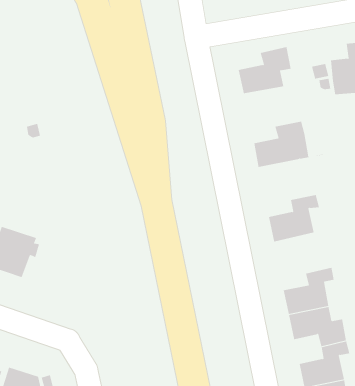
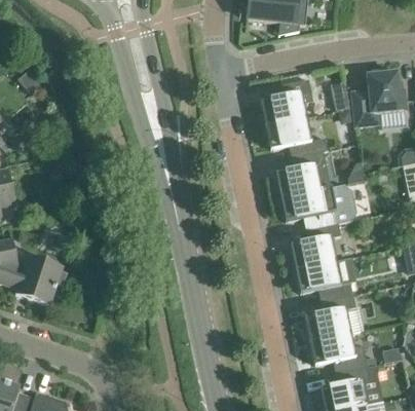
building: none -> [265,117,327,156]
building: none -> [279,184,355,228]
building: none -> [295,260,352,300]

